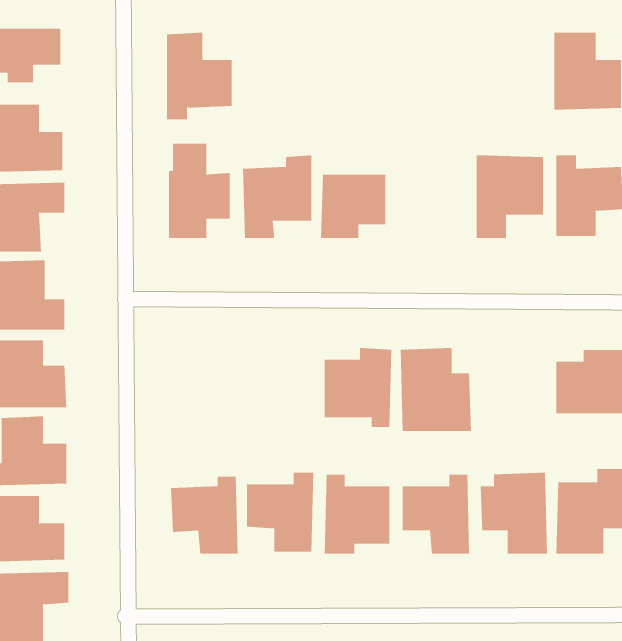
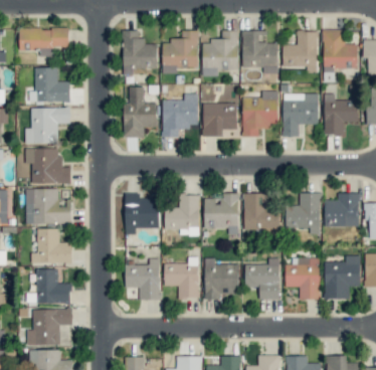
building: none -> [202,30,238,75]
building: none -> [163,31,198,70]
building: none -> [242,31,277,74]
building: none -> [283,31,318,72]
building: none -> [241,91,278,137]
building: none -> [124,193,159,234]
building: none -> [286,193,321,234]
building: none -> [164,195,199,235]

